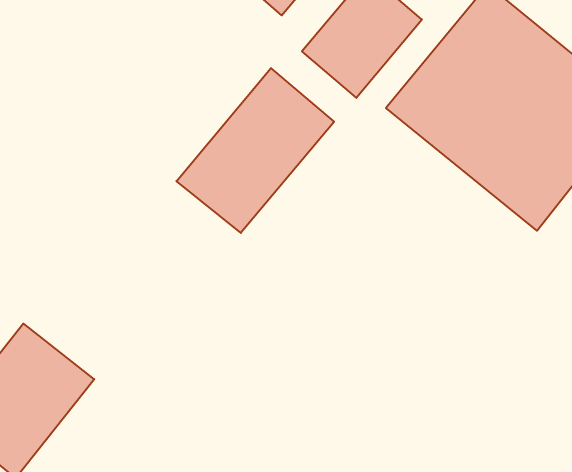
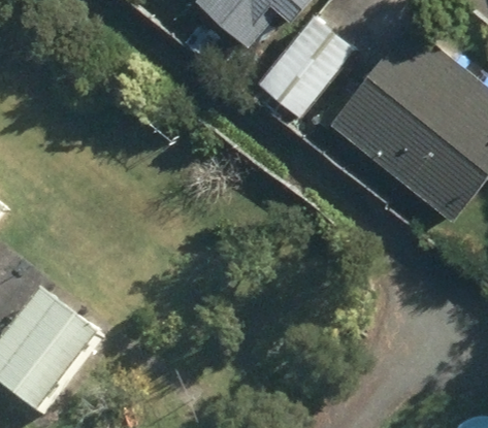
building: [176,68,334,233] -> none

